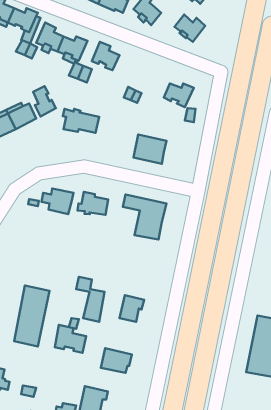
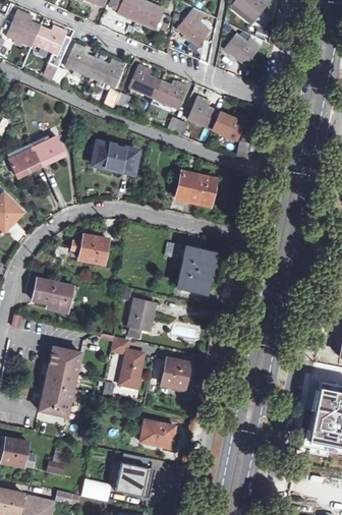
building: none -> [153,80,187,108]
building: none -> [187,97,219,129]
building: [33,86,56,116] -> none
building: [77,192,108,215] -> none
building: none -> [34,279,72,312]
building: none -> [128,298,155,331]
building: [55,325,86,353] -> none

